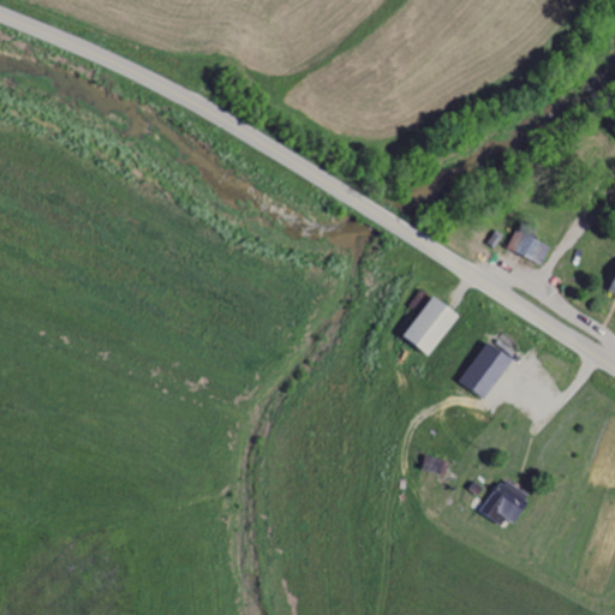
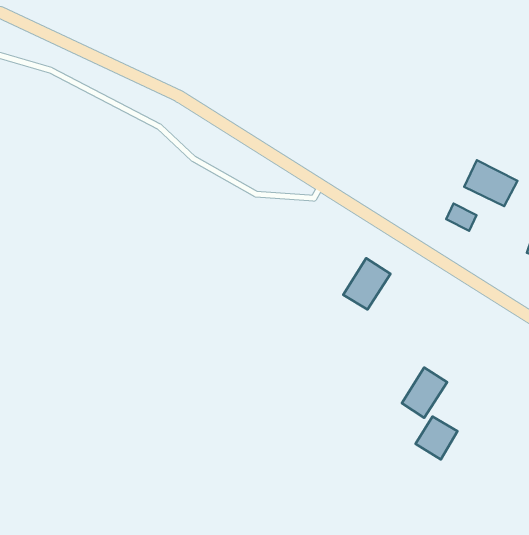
building: none -> [464,160,518,206]
building: [460,341,512,399] -> [402,368,447,418]

